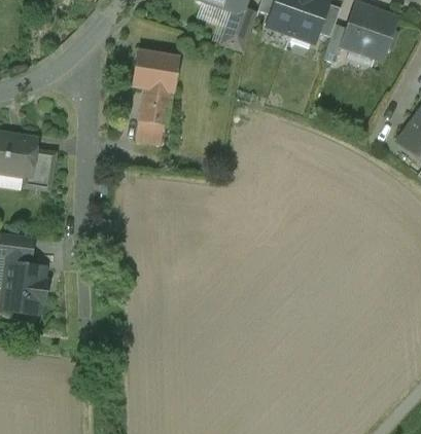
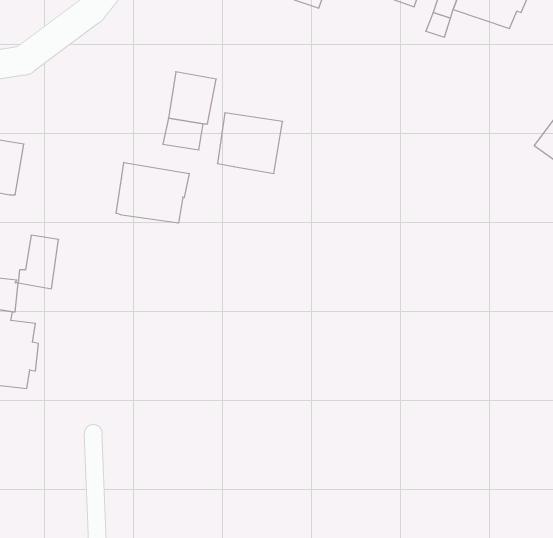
building: [132,49,178,93] -> [217,113,283,174]
building: [24,150,52,188] -> [18,235,59,289]
building: none -> [116,162,189,223]

